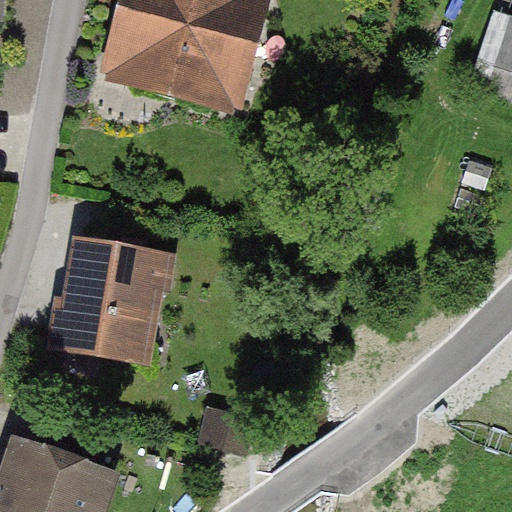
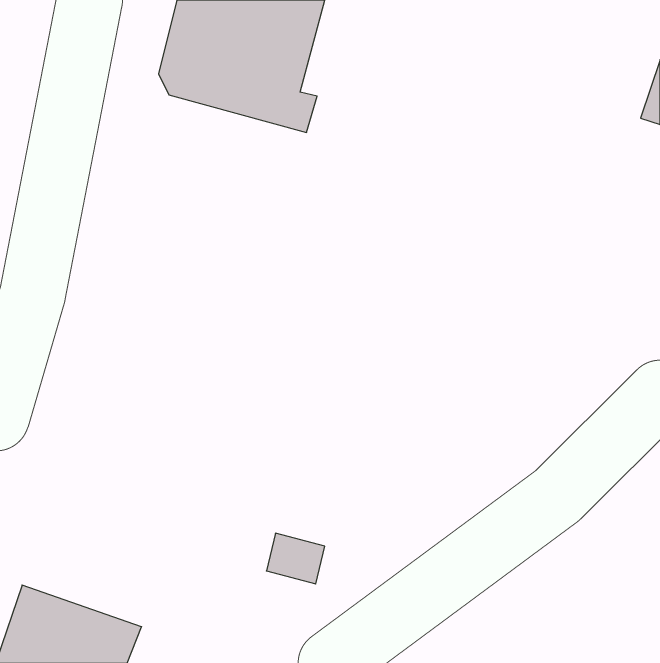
building: [54,248,159,360] -> none

